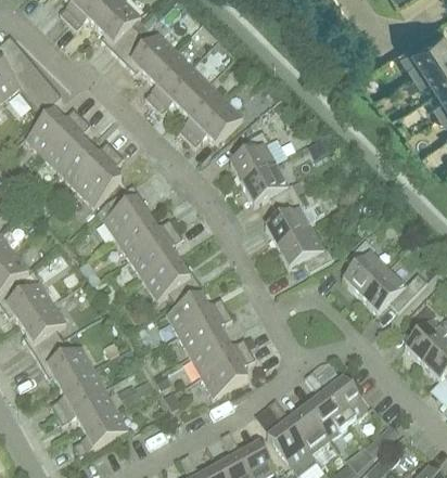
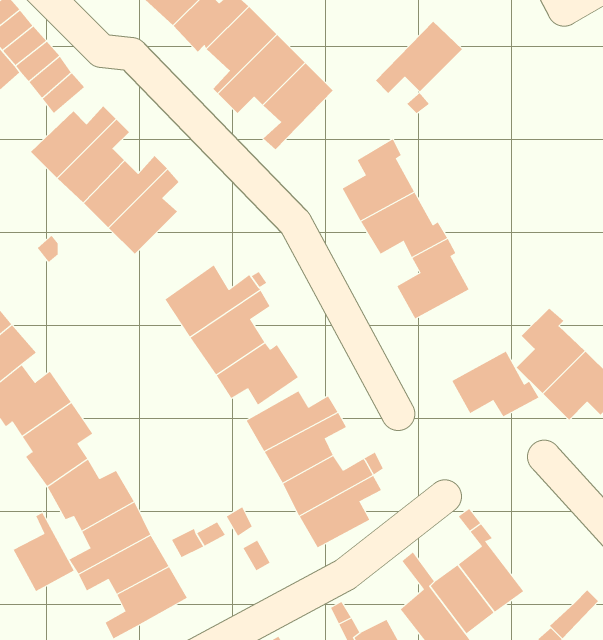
building: [186,99,243,146] -> [375,21,463,94]
building: [103,184,146,235] -> none
building: [277,229,334,272] -> [451,351,539,417]
building: none -> [13,512,74,592]
building: [323,379,367,426] -> none

